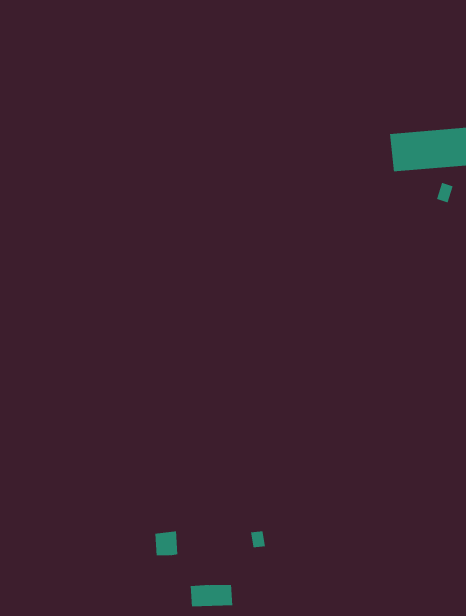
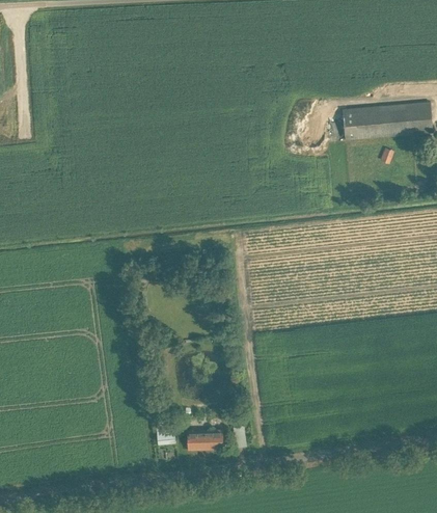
building: [190,585,233,607] -> [188,431,222,449]

